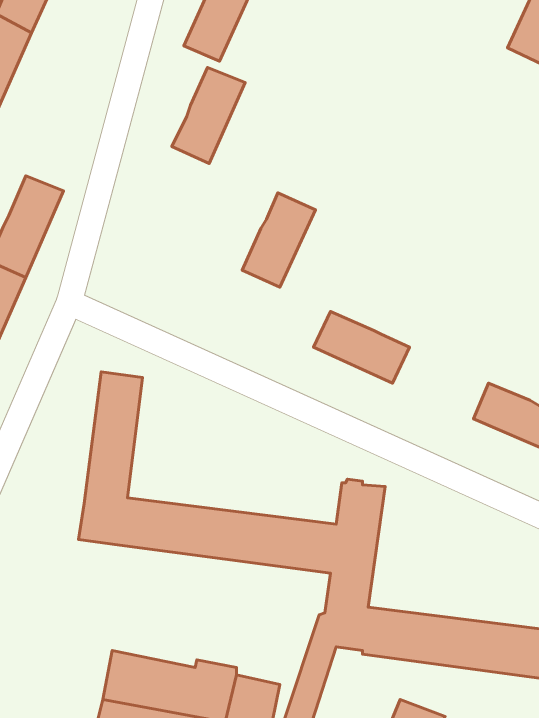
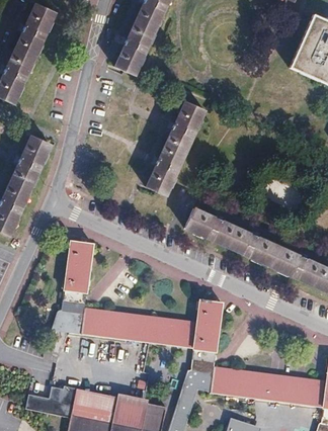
building: [172,67,245,163] -> [166,102,206,154]
building: none -> [228,228,279,266]
building: none -> [27,386,77,417]

